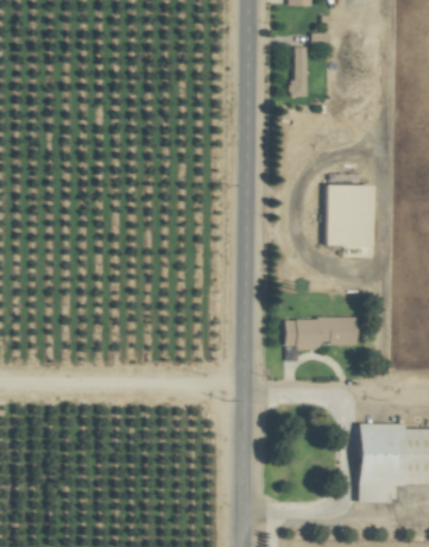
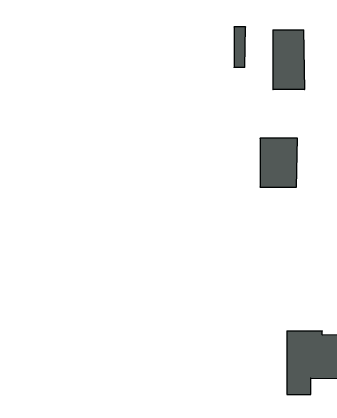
building: none -> [273,30,304,90]
building: [288,319,358,350] -> none

